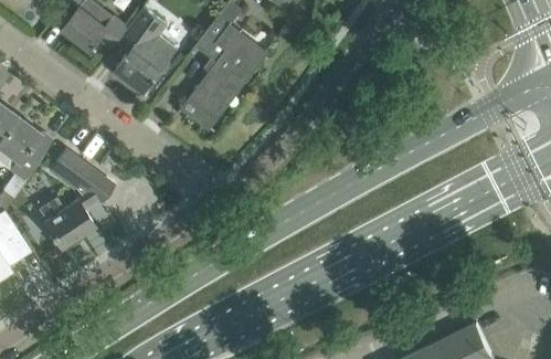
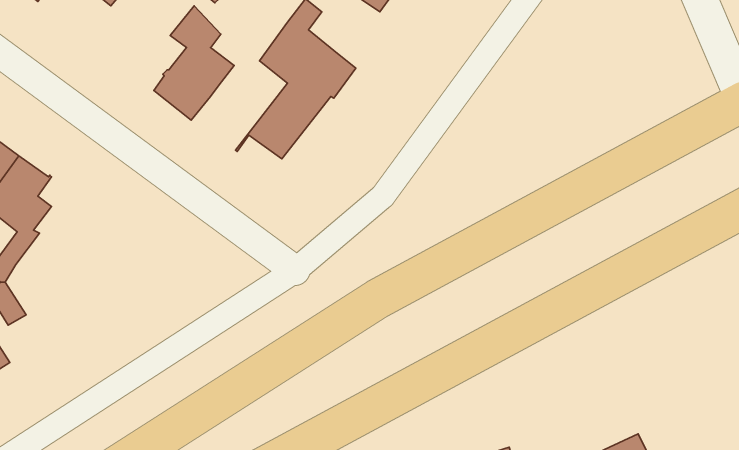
building: [63,8,128,53] -> none
building: [38,150,112,246] -> none

